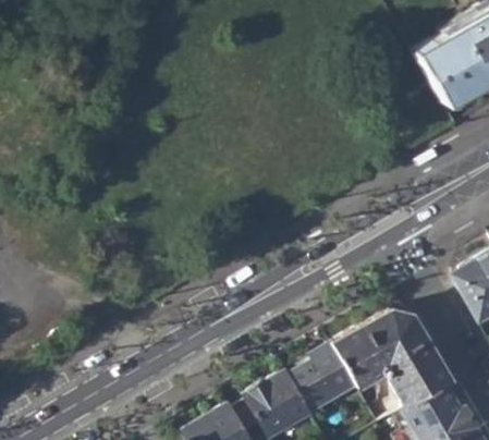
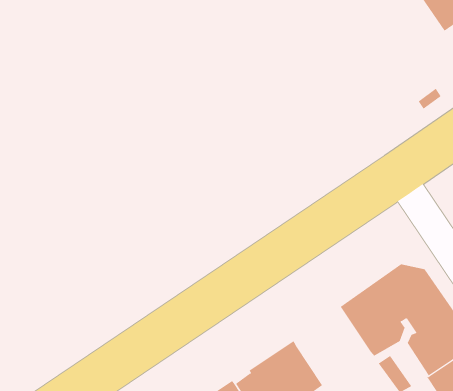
building: [293,343,358,412] -> none

